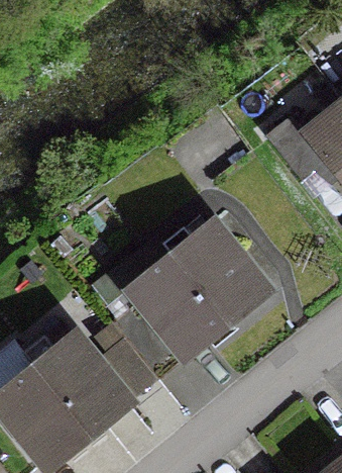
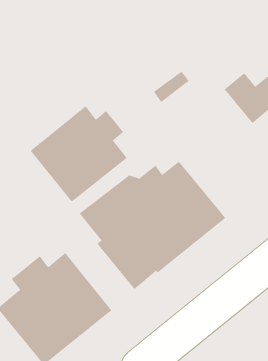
building: none -> [30,105,128,202]

